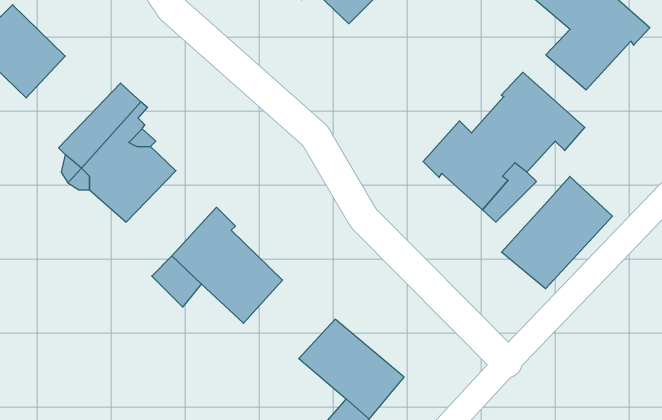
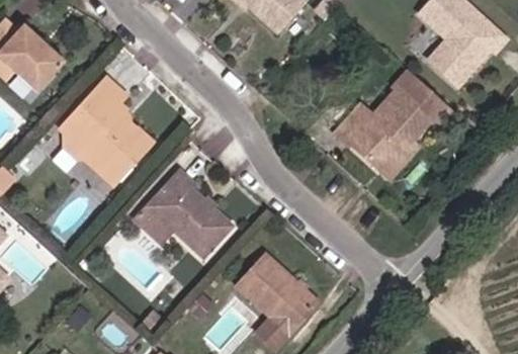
building: [502,176,612,289] -> none

